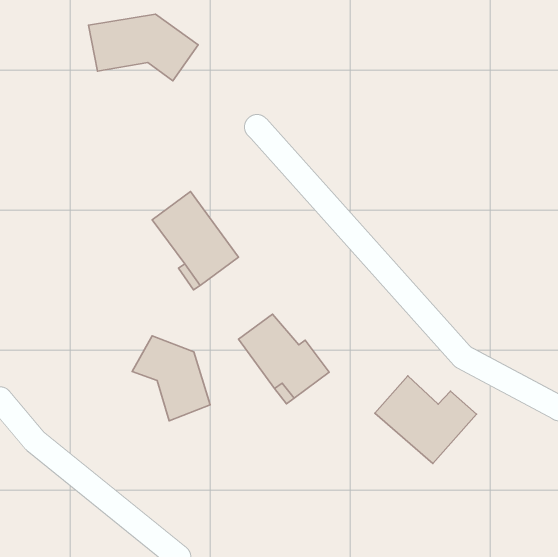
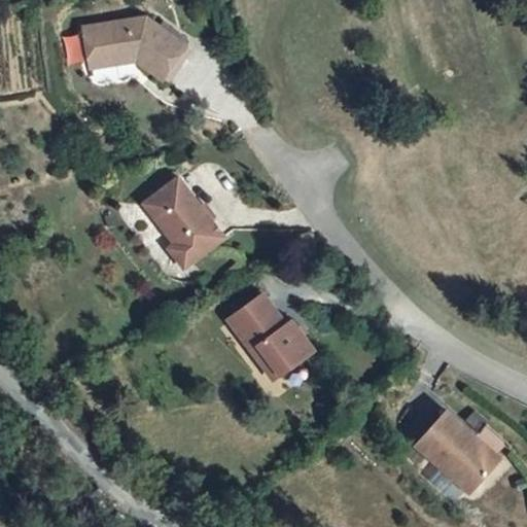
building: [132,336,210,421] -> none
building: [375,376,477,463] -> [413,411,508,493]

